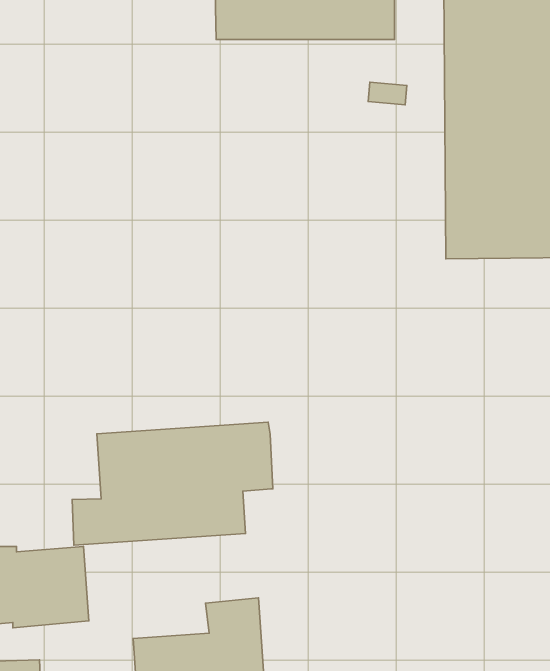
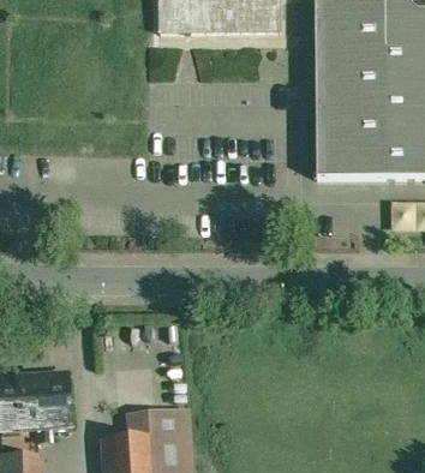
building: [72,422,273,545] -> none

